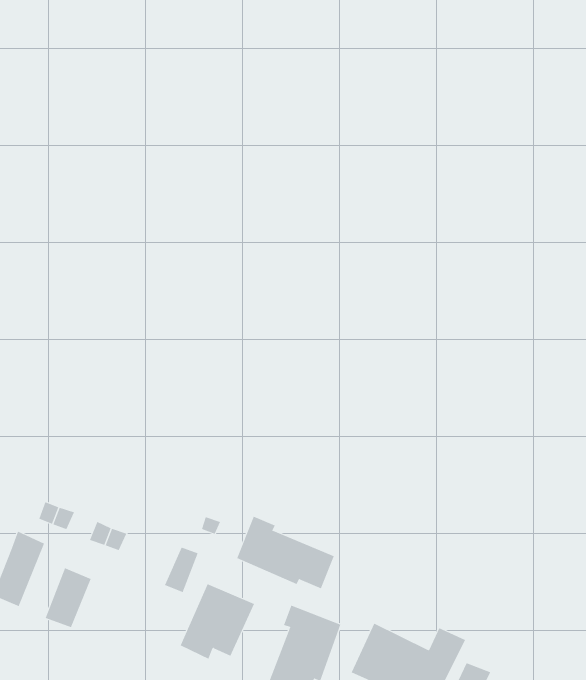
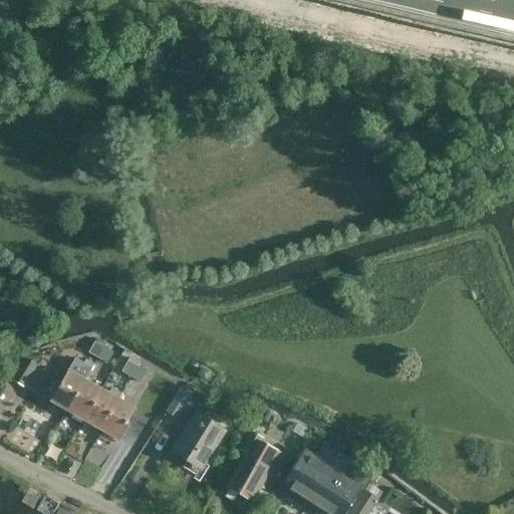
building: [237,516,335,589] -> none
building: none -> [68,378,102,420]
building: none -> [101,398,136,439]

